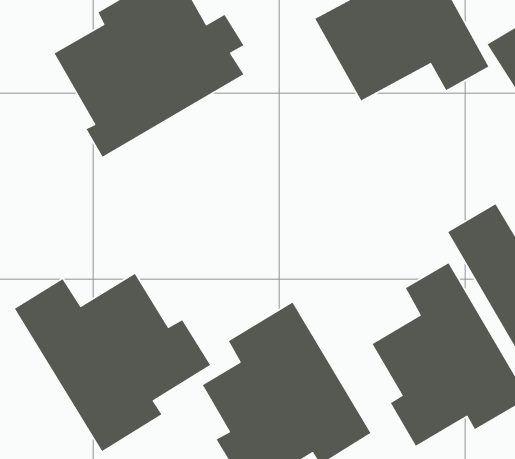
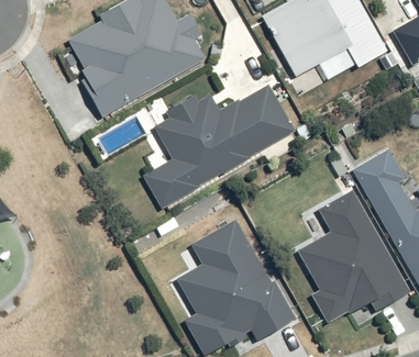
building: none -> [142,82,294,209]
building: [14,273,211,452] -> none

